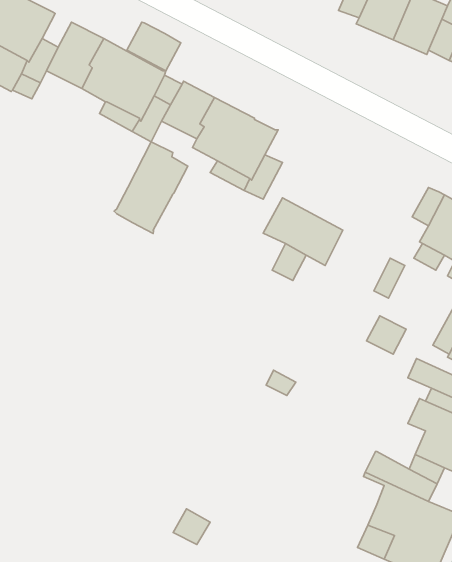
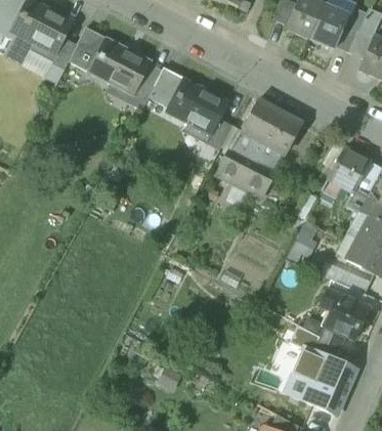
building: [127,22,181,71] -> none
building: none -> [232,101,300,171]
building: [114,142,188,234] -> none

